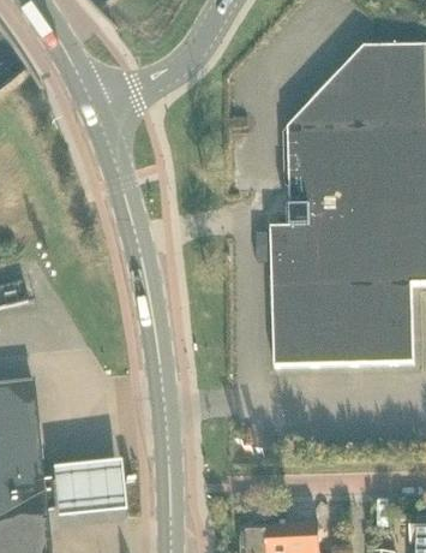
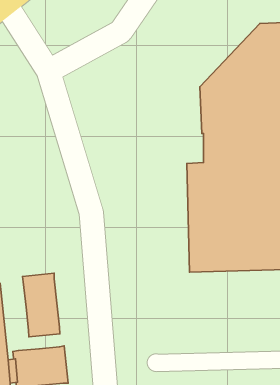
building: none -> [22,273,60,337]

